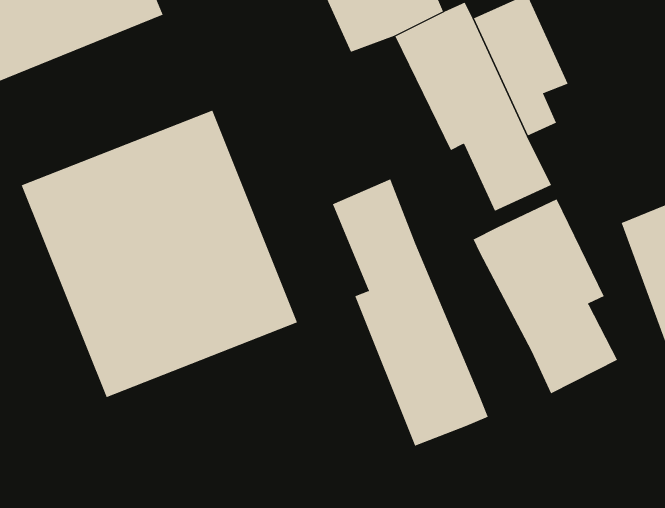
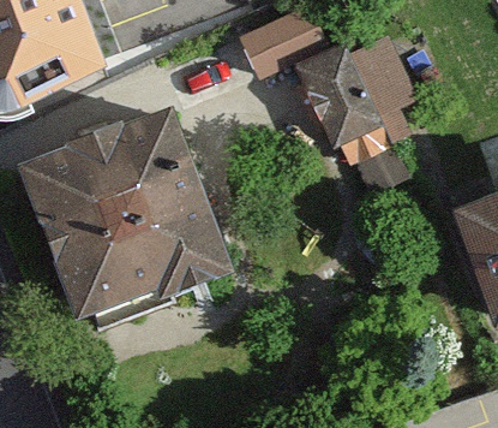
building: [332,178,488,446] -> none
building: [473,198,618,394] -> none

